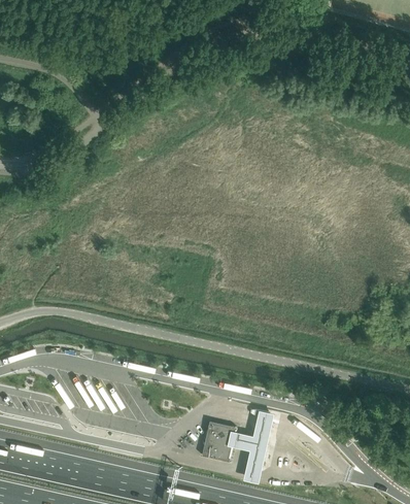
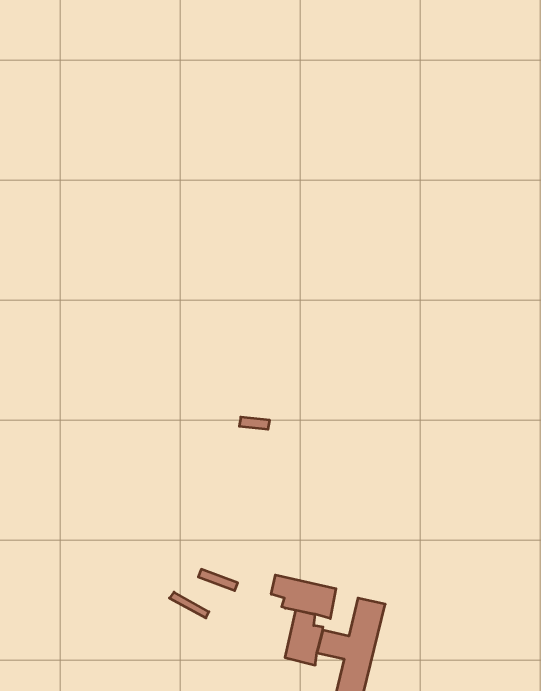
building: none -> [271,575,336,619]

